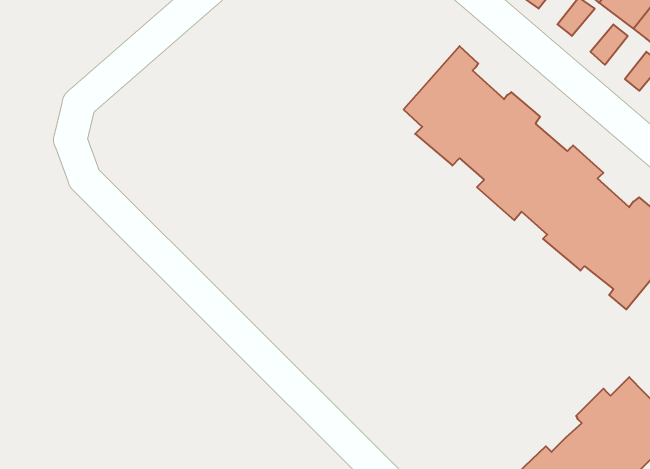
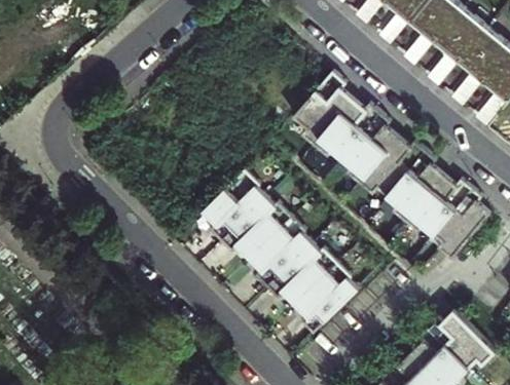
building: none -> [201,170,357,336]

